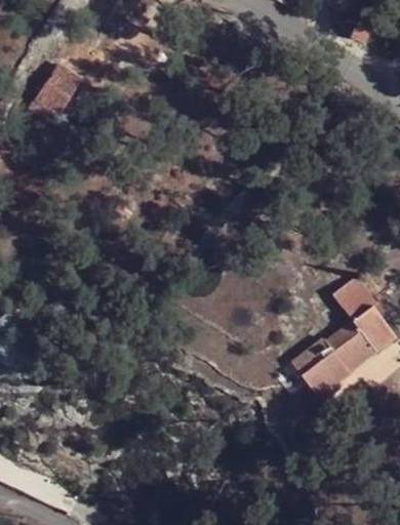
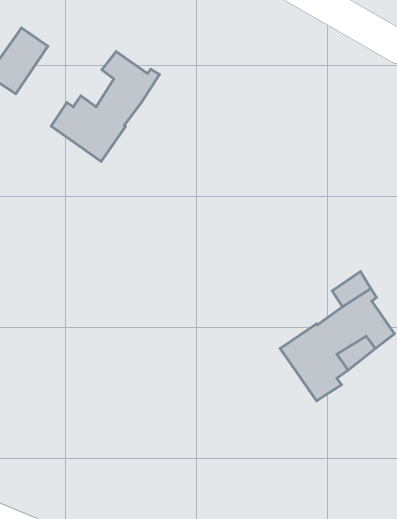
building: none -> [51,51,159,161]

